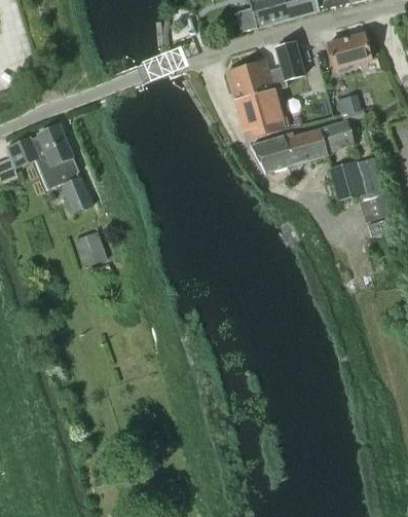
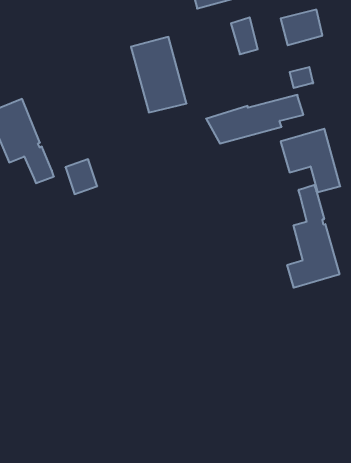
building: [227,60,285,138] -> [131,37,187,112]
building: none -> [287,185,339,288]
building: [75,229,108,265] -> [65,159,97,194]

